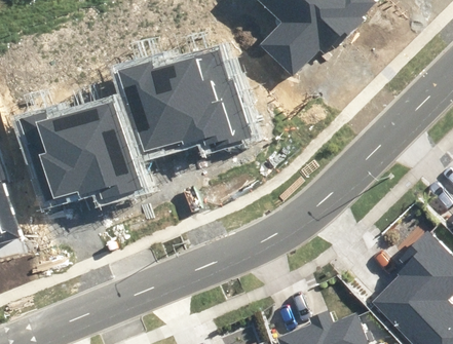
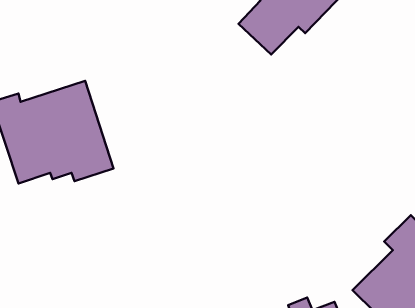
building: [119,50,249,152] -> none

